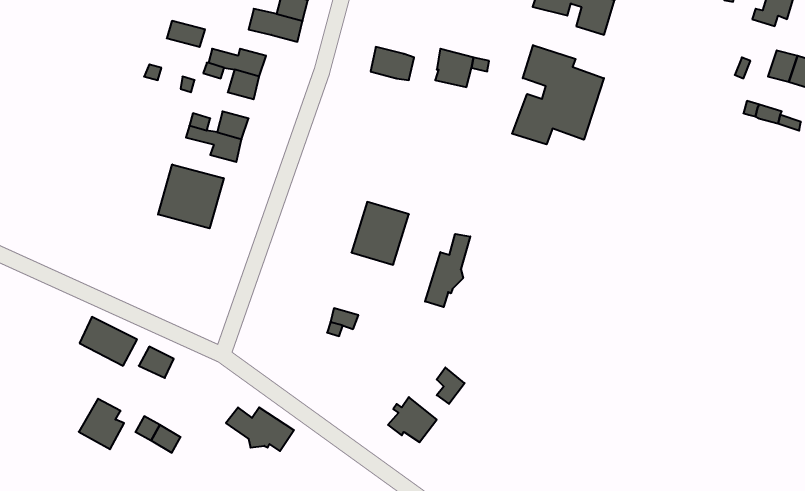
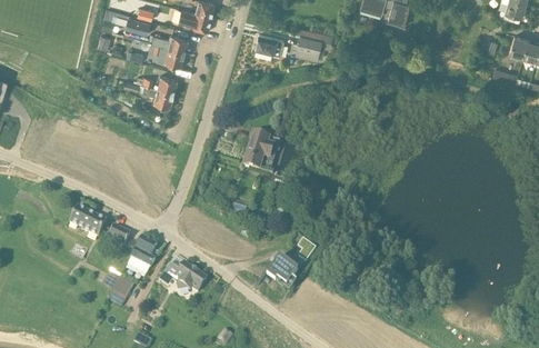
building: [512,45,604,144] -> none
building: [158,164,224,228] -> none
building: [425,234,470,307] -> none
building: [79,399,124,449] -> [130,237,159,269]

